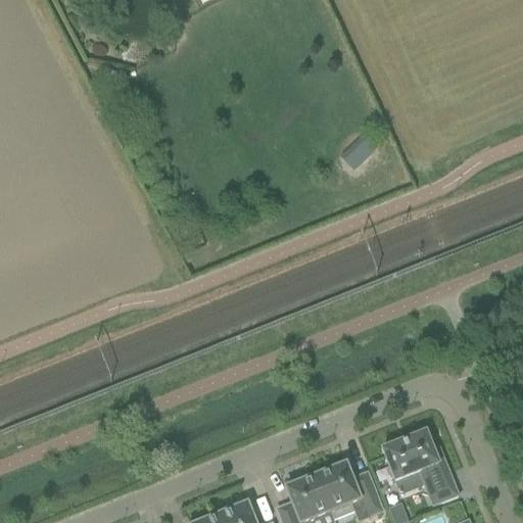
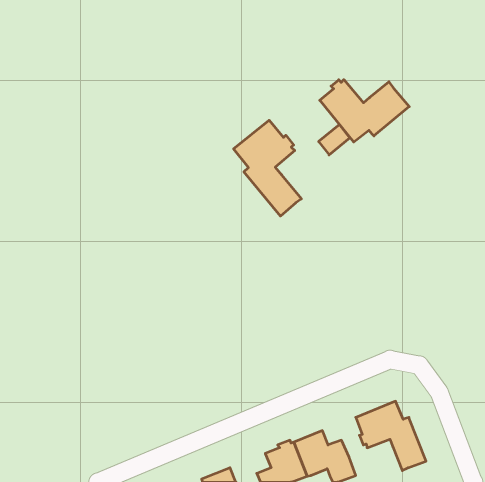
building: none -> [320,80,409,142]
building: none -> [234,120,301,216]

